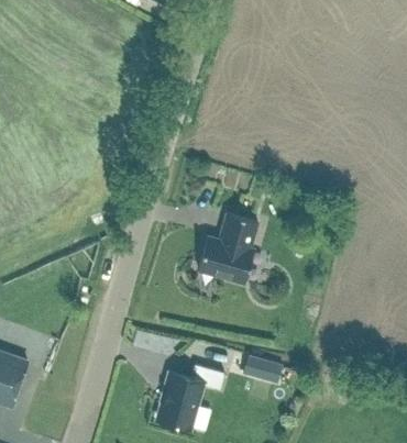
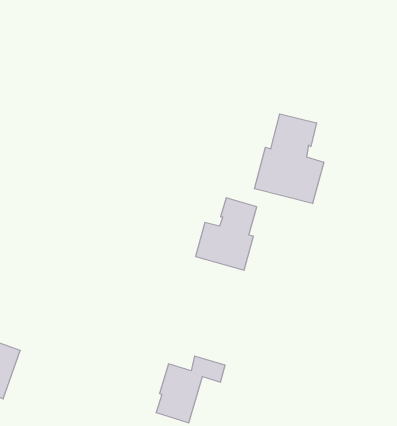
building: none -> [254,114,324,204]
building: [242,354,283,383] -> none

